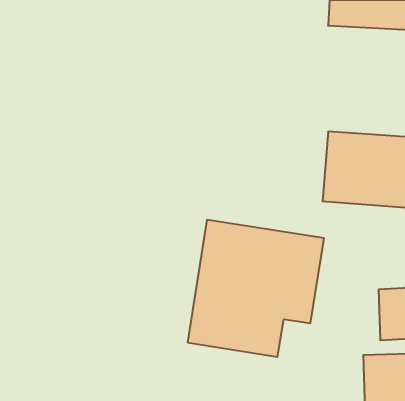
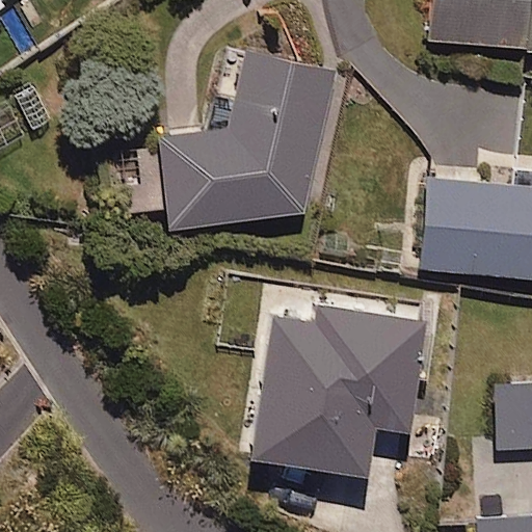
building: none -> [161,51,328,228]

